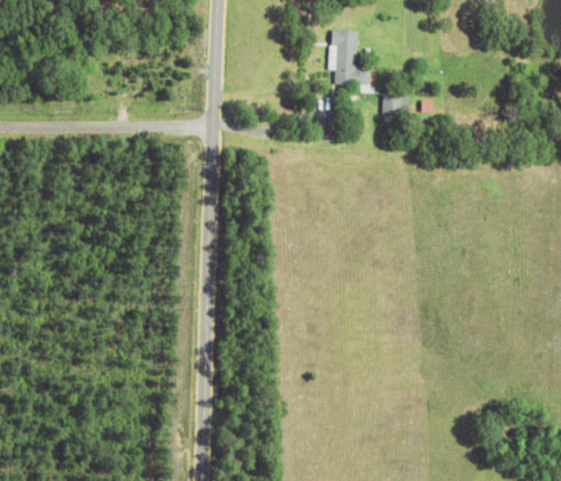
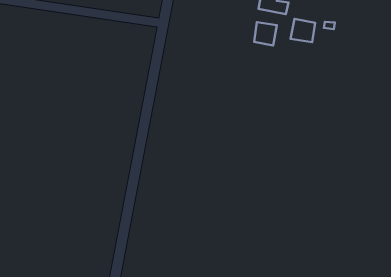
building: none -> [254,22,277,45]

